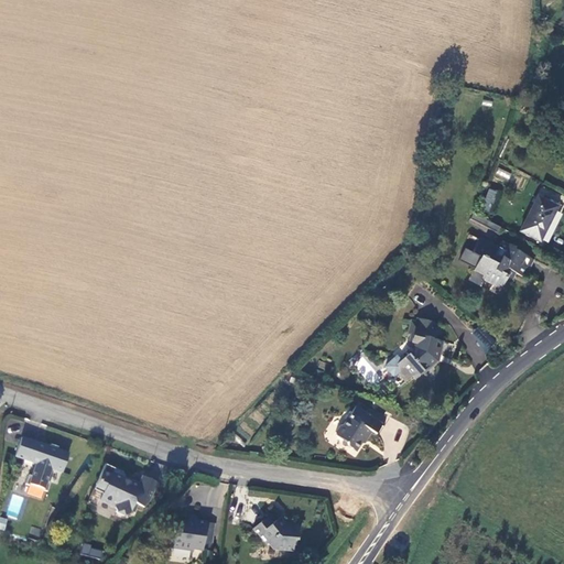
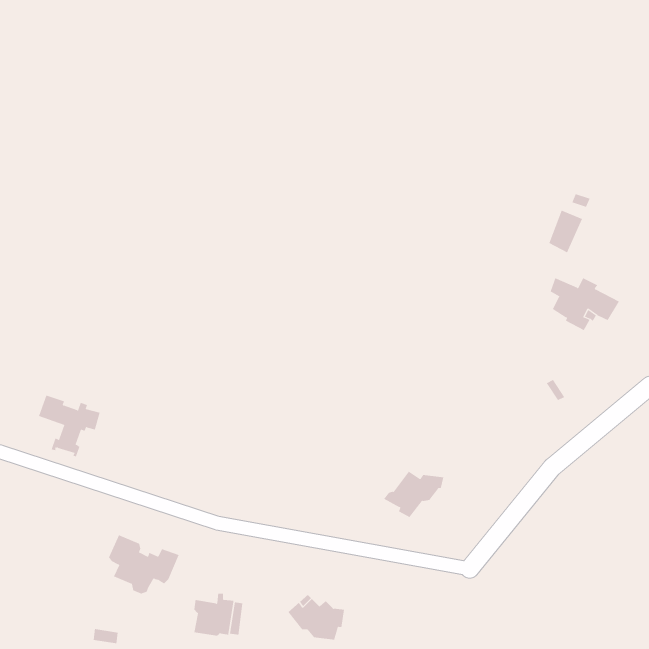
building: [523,196,557,240] -> none
building: [399,321,443,384] -> none
building: [13,437,67,491] -> [38,395,101,457]

